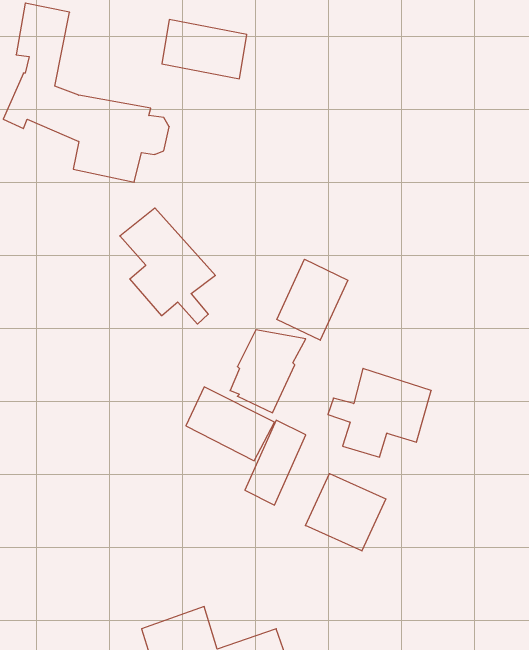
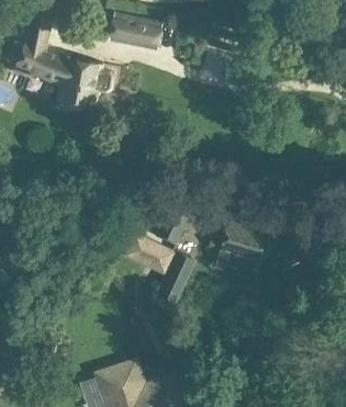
building: [120,208,215,324] -> none
building: [277,259,348,340] -> none
building: [305,474,386,551] -> none

